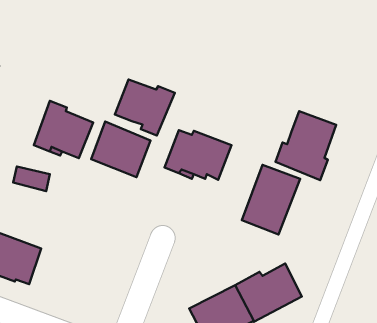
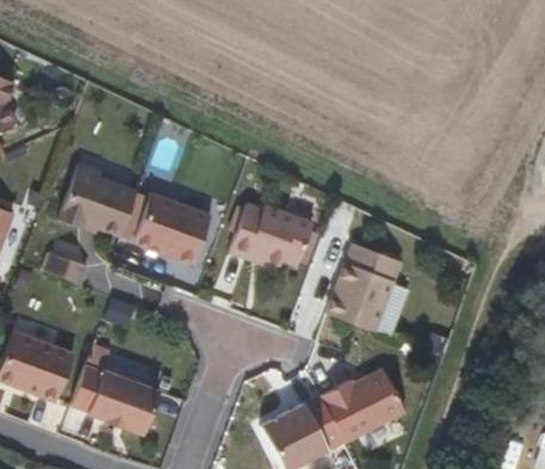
building: [115,79,175,135] -> none
building: [275,111,336,180] -> none
building: none -> [72,364,160,432]

